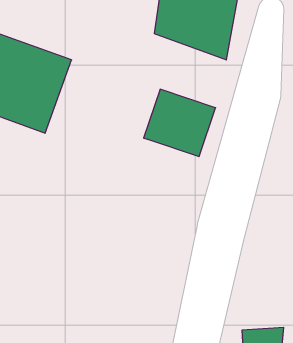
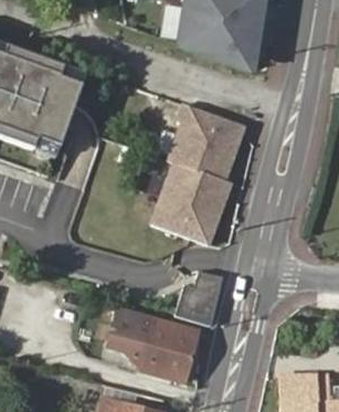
building: none -> [150,161,236,246]
building: none -> [174,270,221,323]
building: none -> [106,306,198,379]

